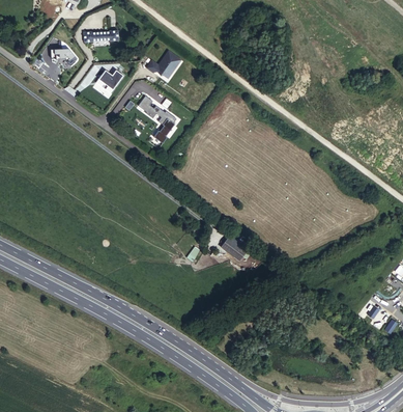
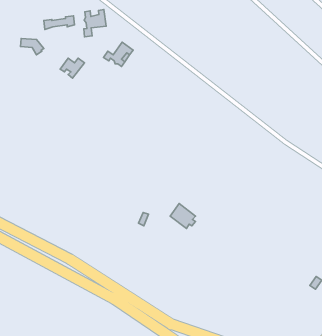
building: none -> [84,9,106,37]
building: [138,97,176,143] -> none

